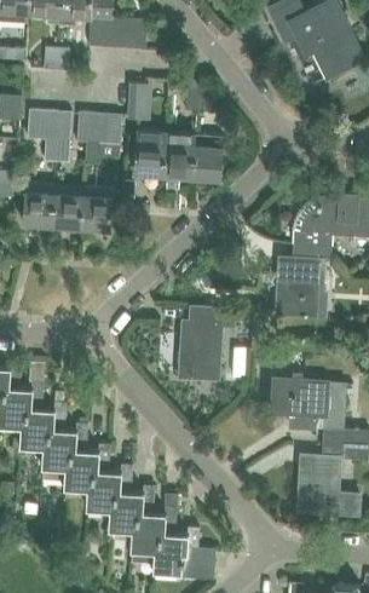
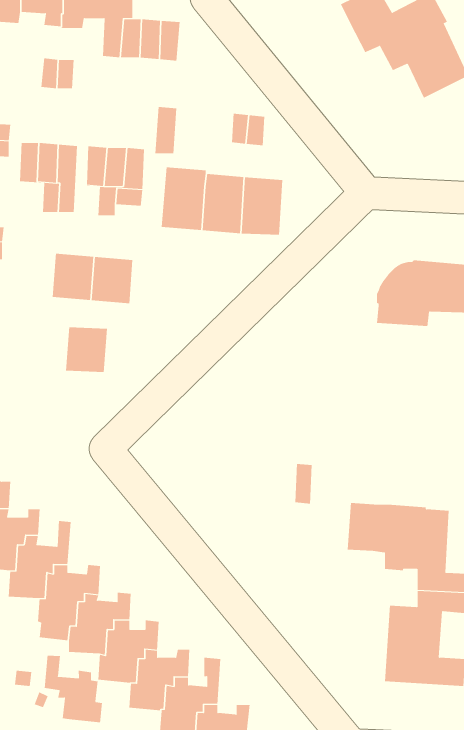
building: [23,191,54,225] -> [65,327,108,372]
building: [277,244,331,318] -> none
building: [180,307,237,379] -> none
building: none -> [44,655,103,723]

